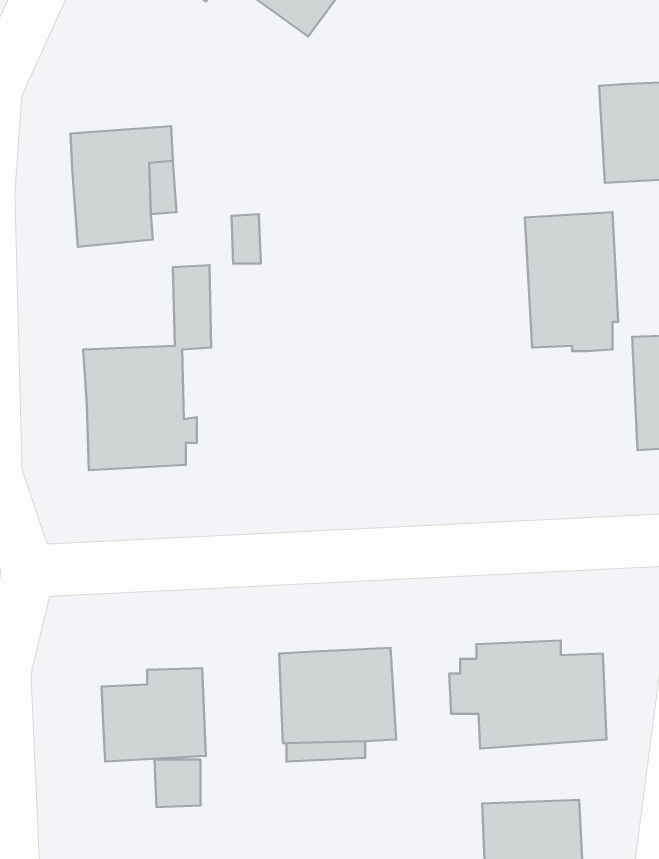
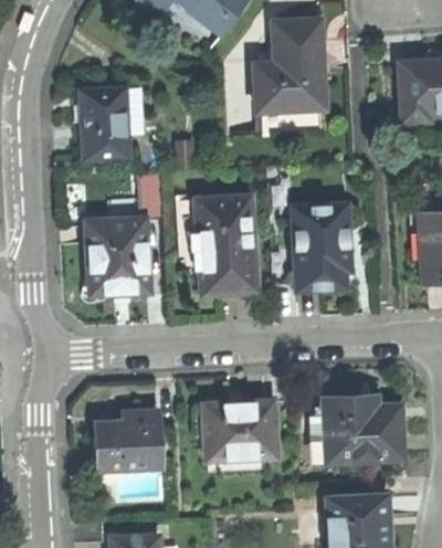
building: none -> [253,17,324,129]
building: [525,212,618,351] -> [293,202,349,286]
building: none -> [176,194,256,293]

